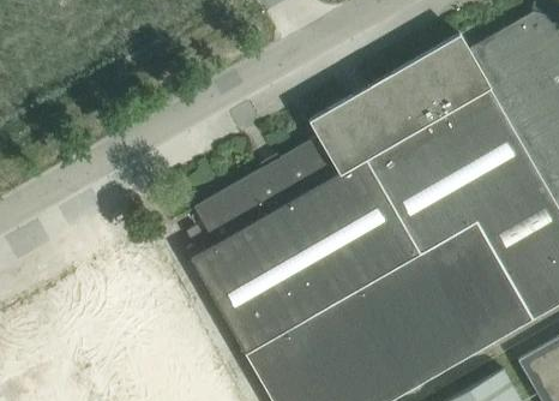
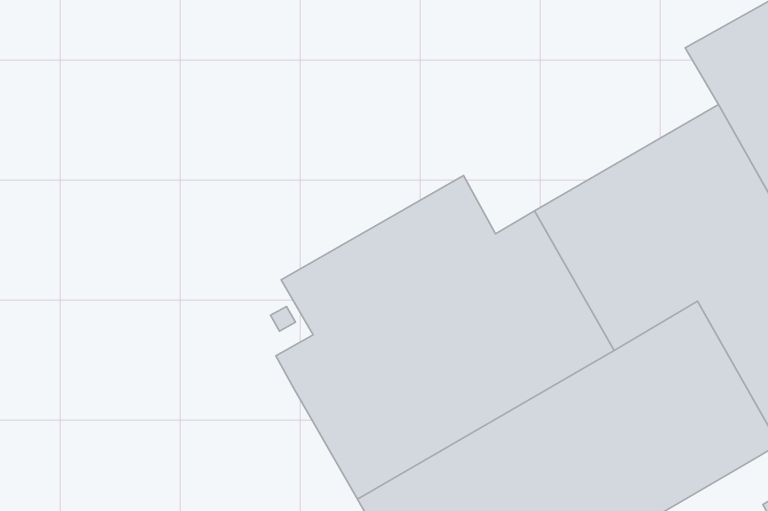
building: [309,35,492,176] -> none

